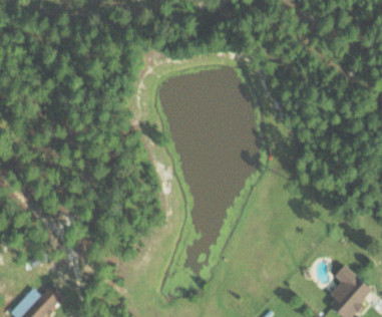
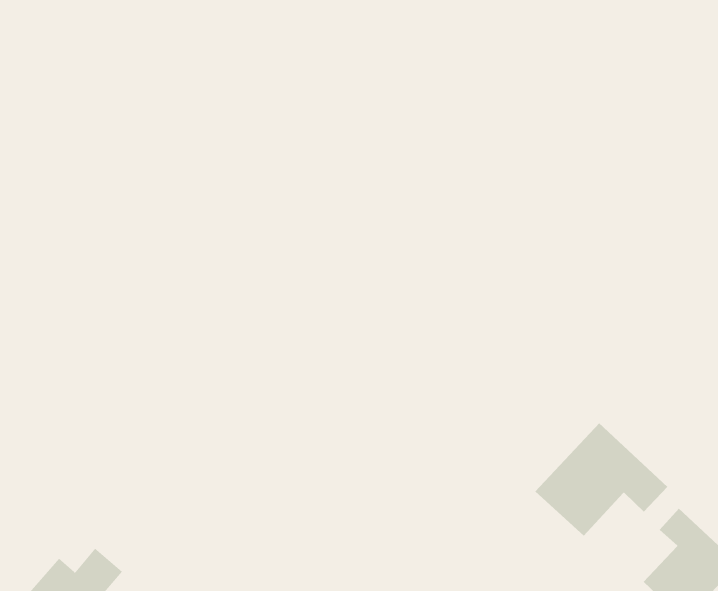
building: none -> [535,423,668,537]

